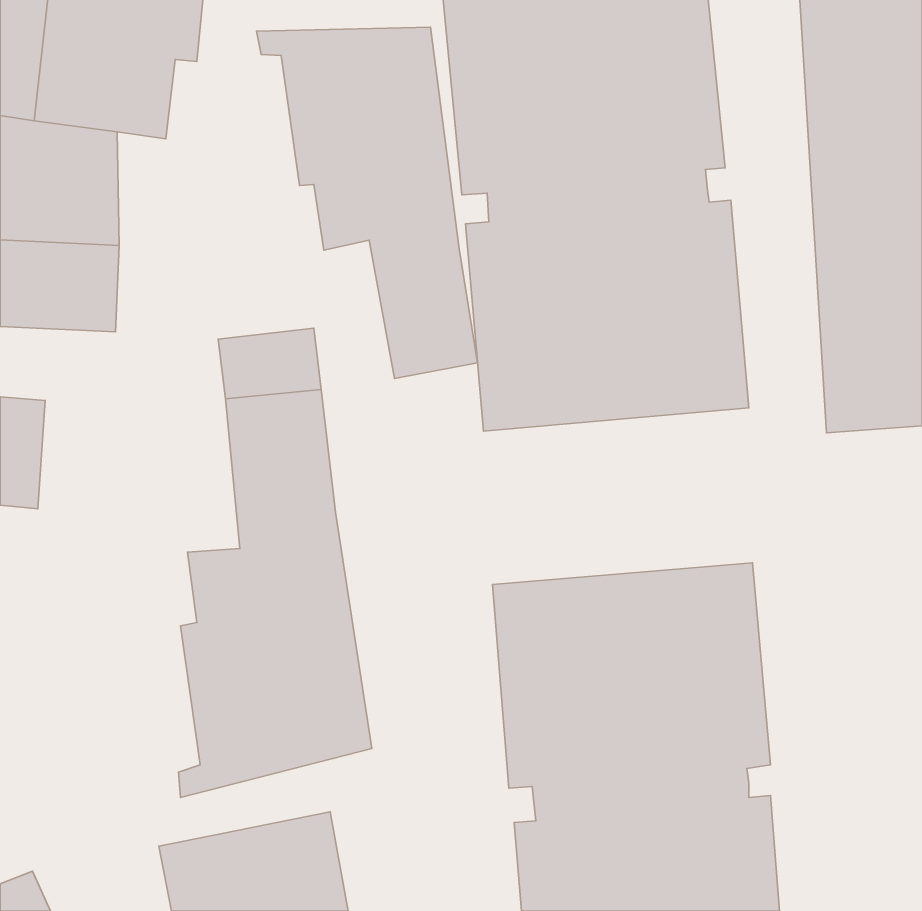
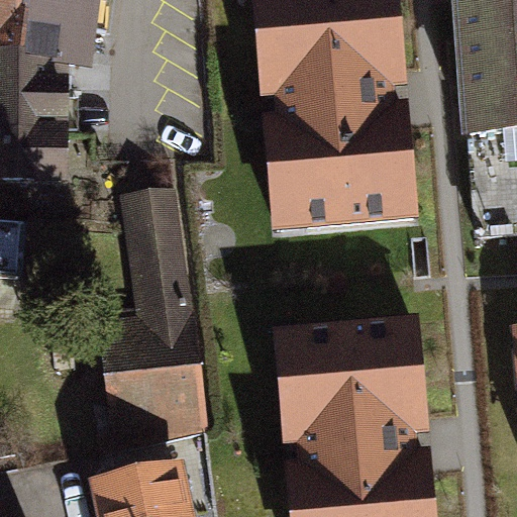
building: [256,27,478,379] -> none

